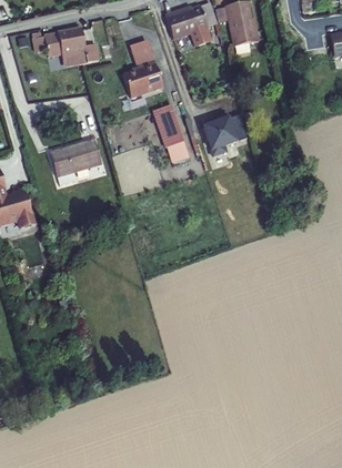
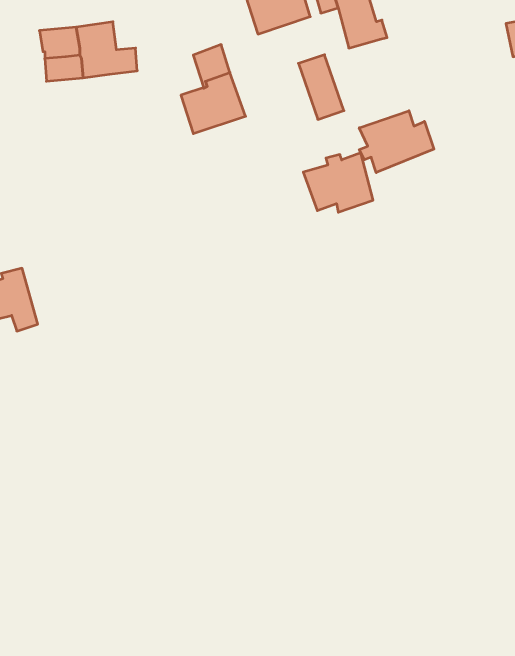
building: none -> [359,111,434,173]
building: [158,108,187,149] -> [298,55,344,119]
building: [46,136,97,179] -> none

